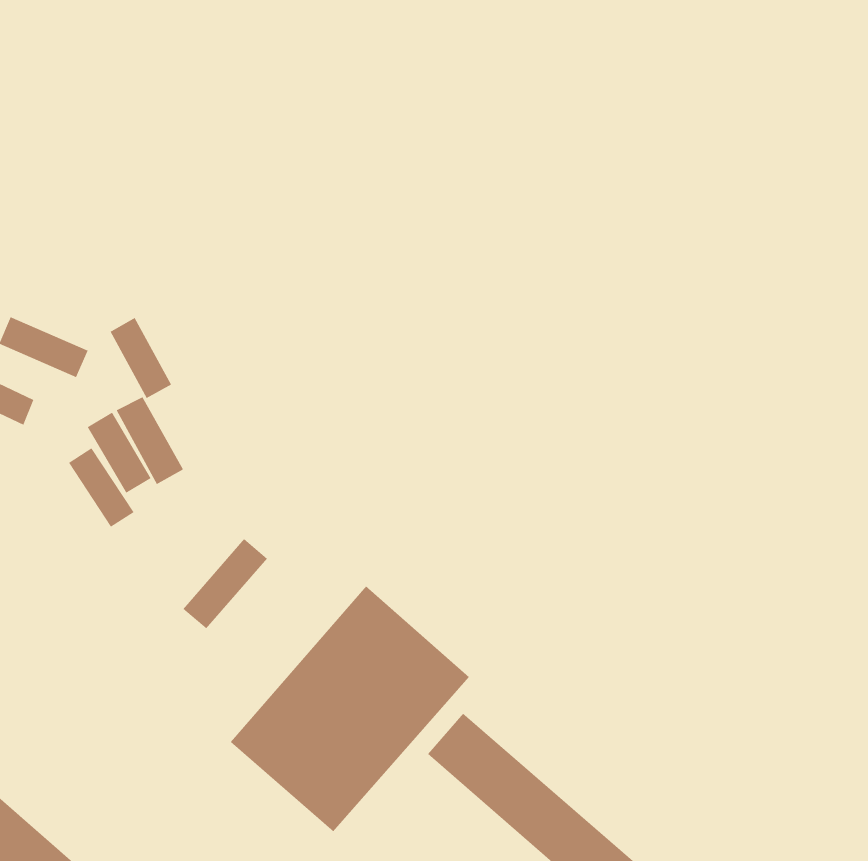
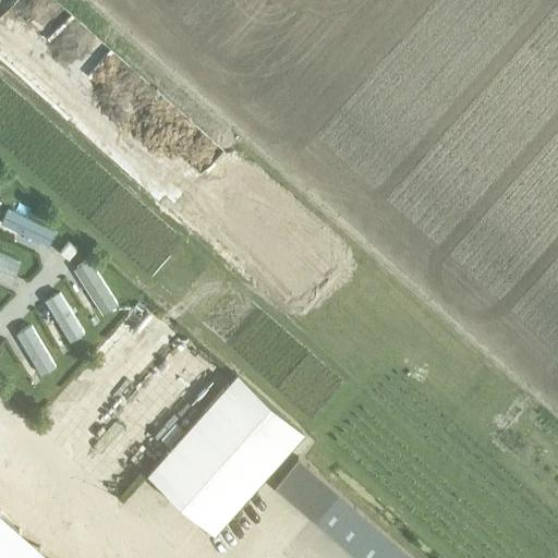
building: [110,317,172,399] -> none
building: [87,412,152,493] -> [15,325,57,377]
building: [183,538,268,629] -> none

